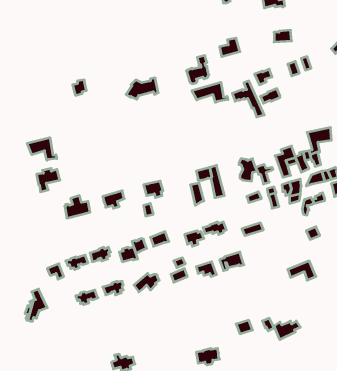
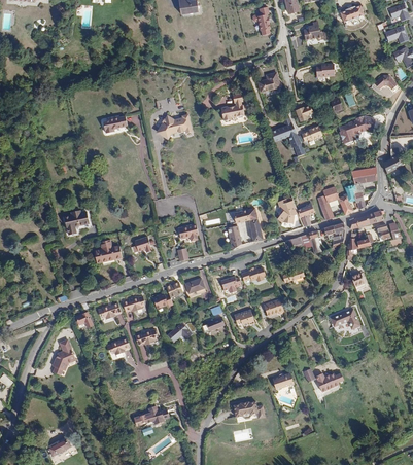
building: none -> [339,118,375,146]
building: [192,82,228,102] -> none
building: [27,138,57,160] -> none

